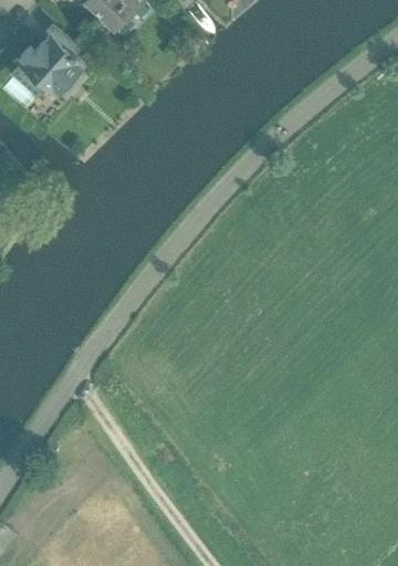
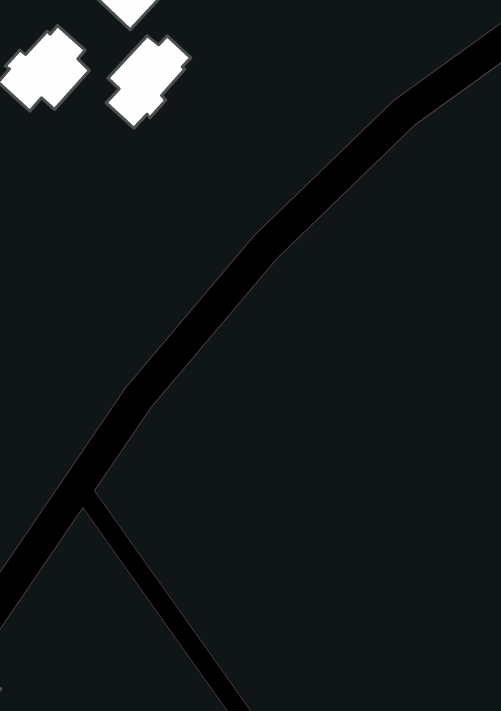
building: none -> [106,36,191,128]

